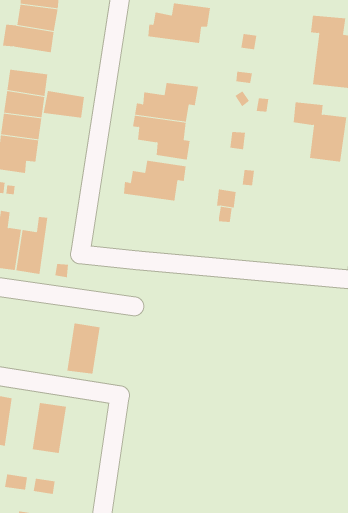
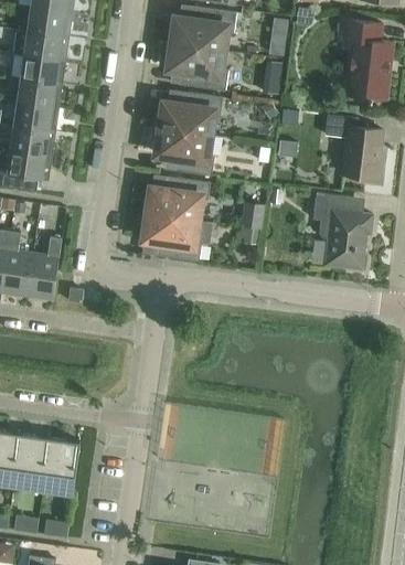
building: none -> [166,43,227,90]
building: [43,91,85,118] -> [19,54,64,84]
building: none -> [313,193,372,270]
building: none -> [139,213,201,262]
building: [67,323,100,374] -> [14,434,51,489]

